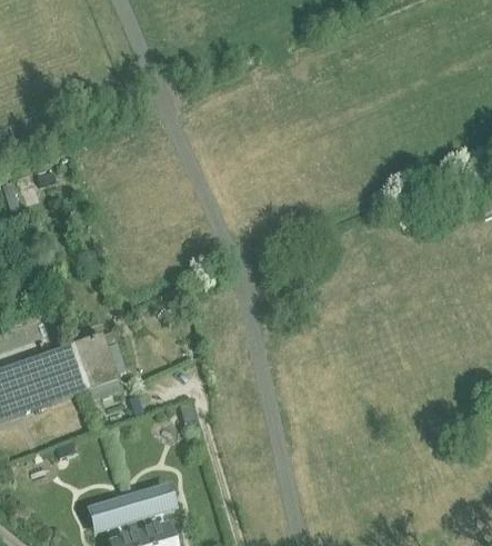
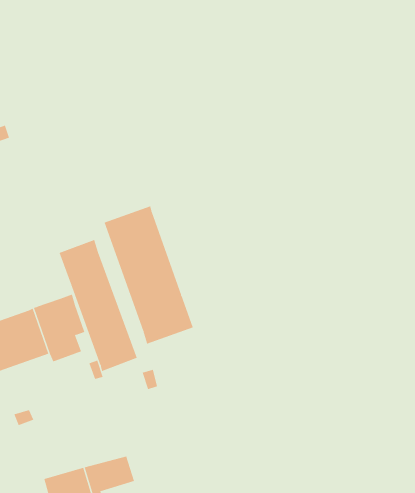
building: none -> [104,205,193,345]
building: none -> [59,239,137,372]

